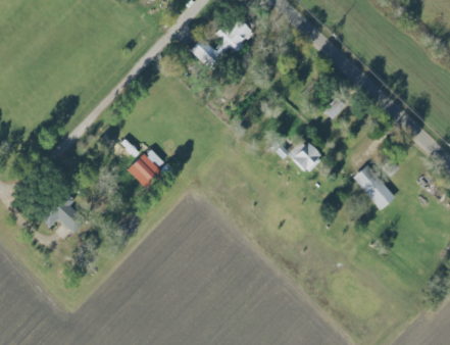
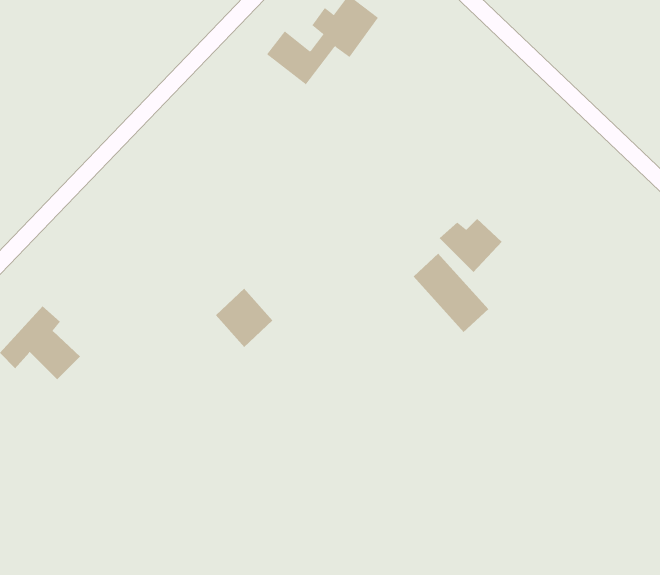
building: [128,153,160,187] -> [215,288,273,348]
building: [353,165,396,210] -> [413,253,489,333]

